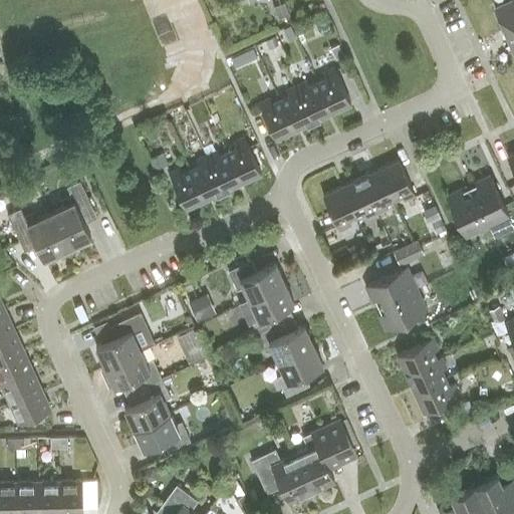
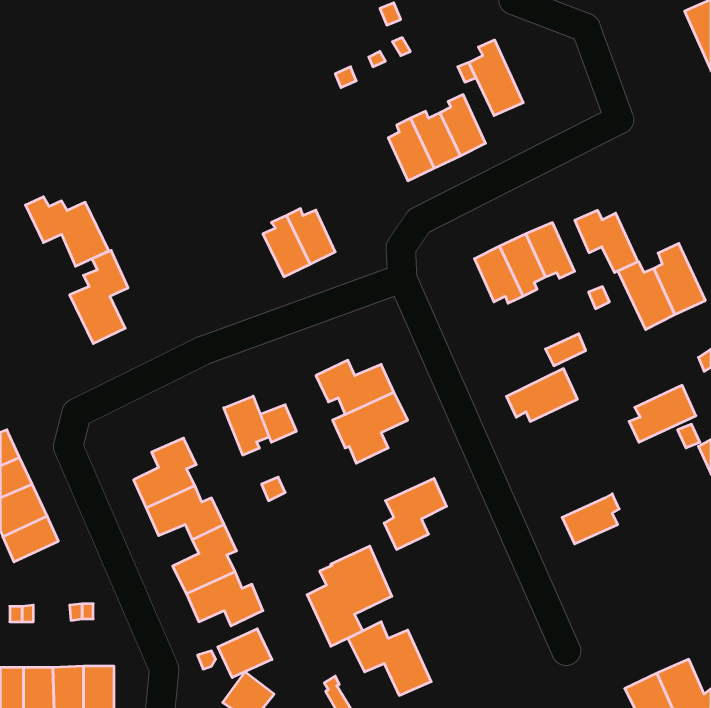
building: none -> [469,40,523,116]
building: [259,100,294,142] -> none
building: [228,140,261,184] -> none
building: none -> [575,210,638,273]
building: [169,170,205,211] -> none
building: [323,189,356,233] -> none
building: [7,211,67,261] -> [25,197,109,266]
building: none -> [224,396,269,455]
building: [378,290,427,331] -> [629,385,696,442]
building: [257,325,313,363] -> none
building: [397,340,438,375] -> none
building: [415,380,459,414] -> none
building: [10,393,50,426] -> none
building: [294,422,355,494] -> [307,546,392,646]
building: none -> [218,629,272,678]

